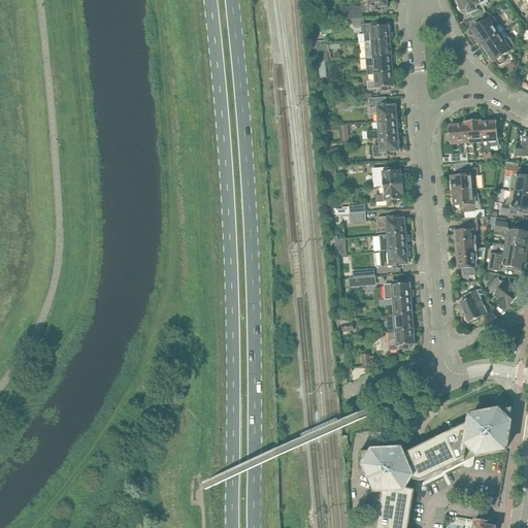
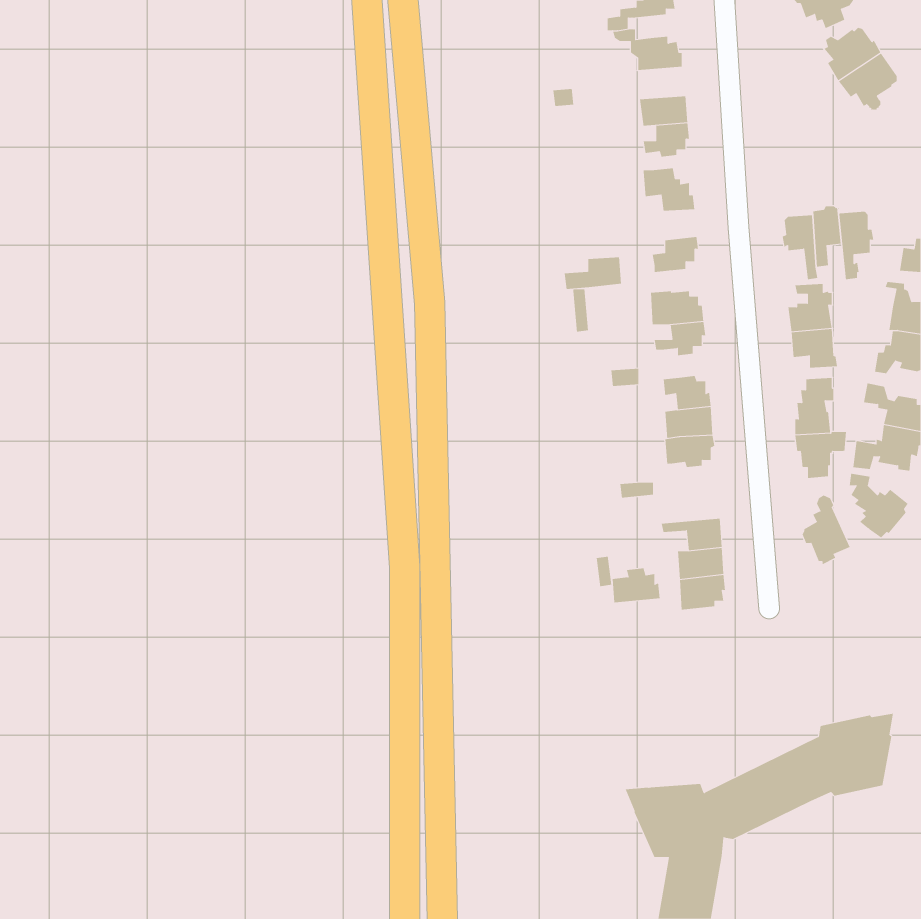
building: [364,38,392,57] -> none
building: [365,120,398,138] -> [564,257,622,289]
building: [377,278,411,299] -> [601,568,660,604]

